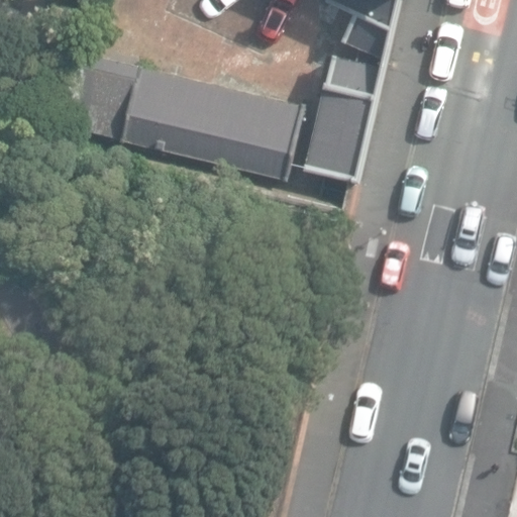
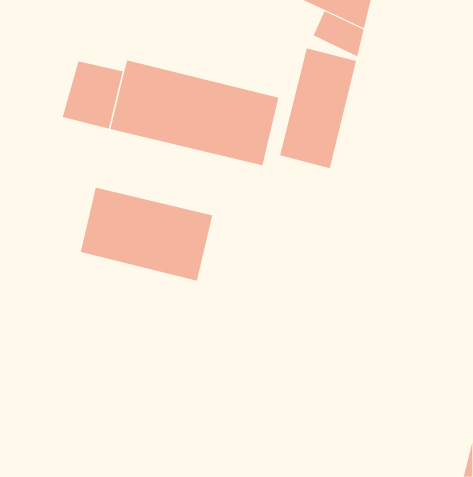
building: none -> [80,187,213,281]

